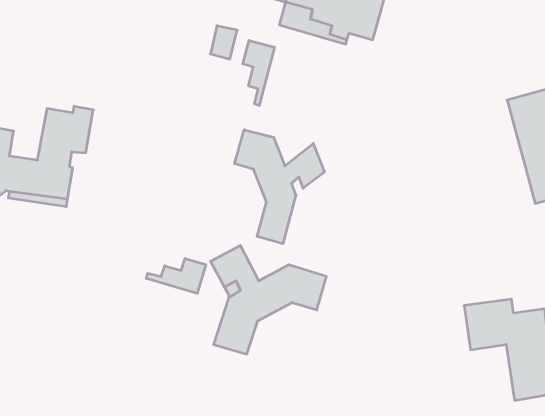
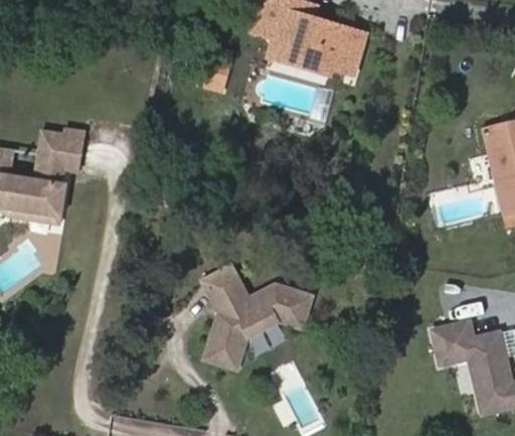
building: [243,40,274,106] -> none
building: [234,130,324,244] -> none
building: [146,258,206,293] -> none

